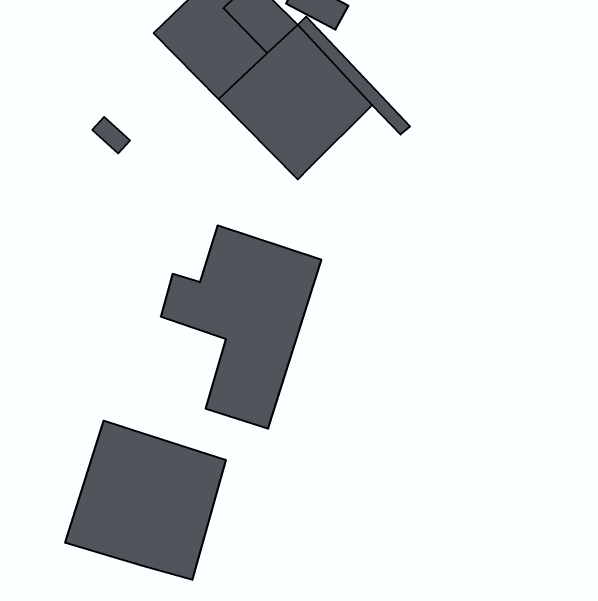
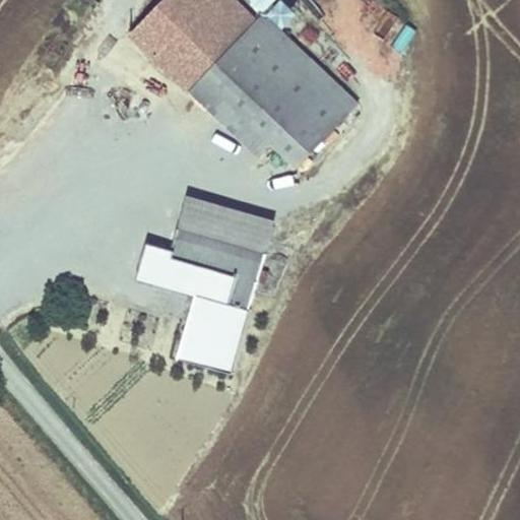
building: none -> [266,90,344,171]
building: [65,421,226,580] -> none

